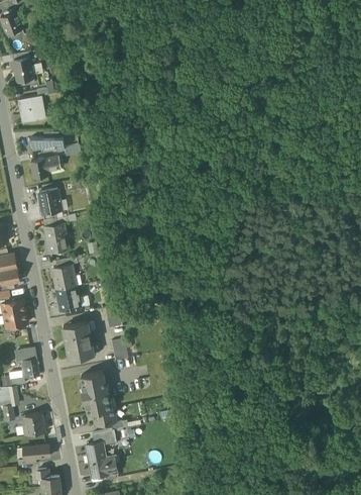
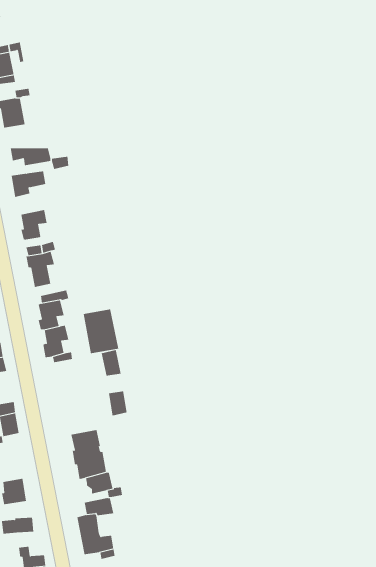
building: [64,321,94,359] -> [83,309,119,354]

